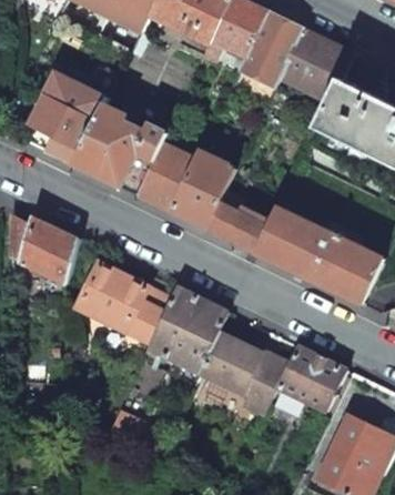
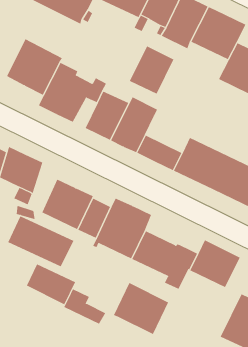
building: none -> [129,45,174,95]
building: none -> [7,215,74,267]
building: none -> [26,263,76,305]
building: none -> [113,282,169,335]

